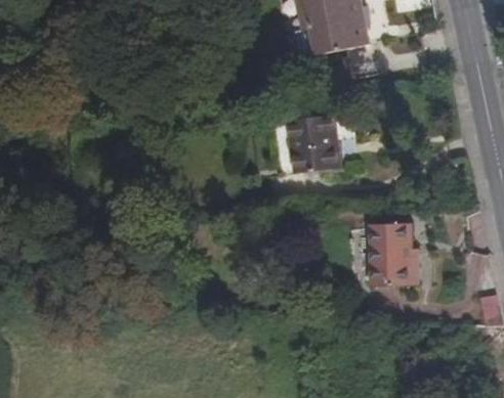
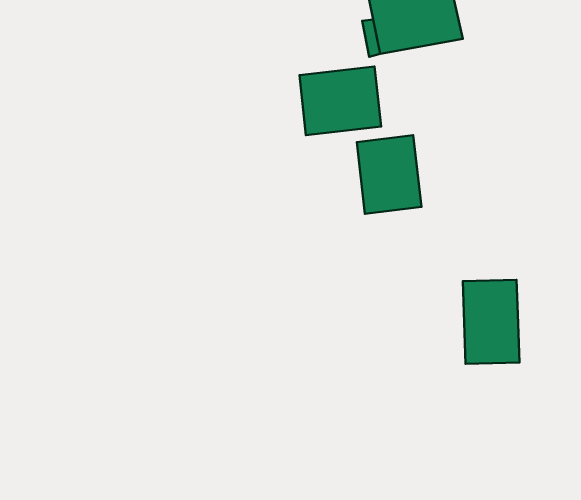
building: none -> [299,67,381,135]

